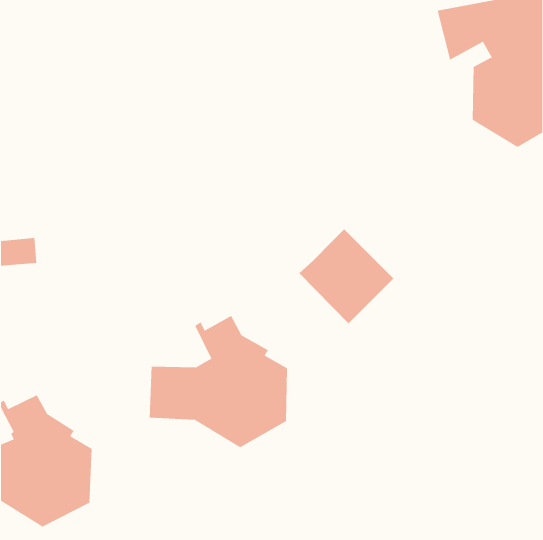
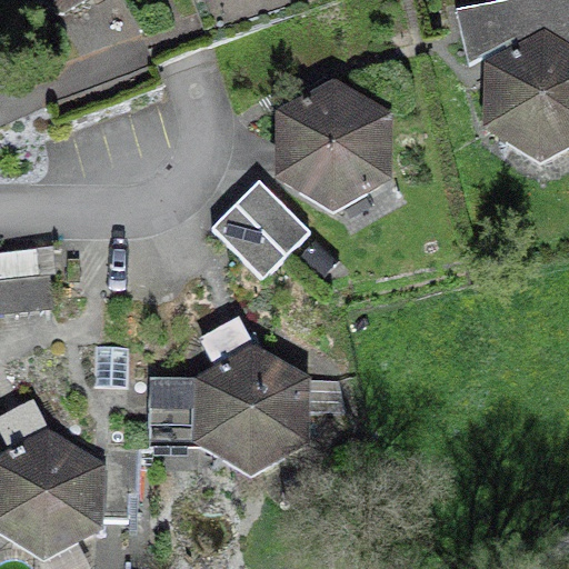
building: none -> [284,86,382,204]
building: [299,229,394,324] -> [210,181,310,281]

